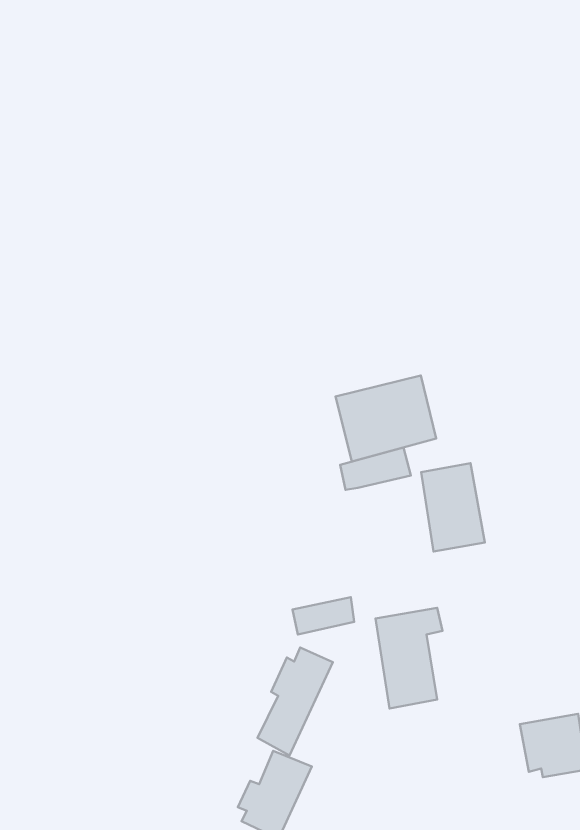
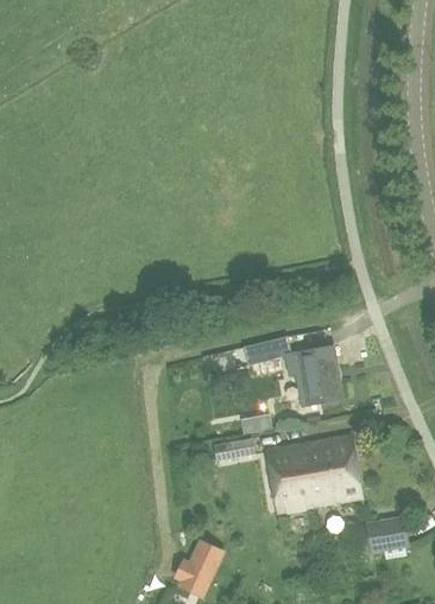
building: [336,376,436,461] -> none
building: none -> [303,437,362,506]
building: [258,648,333,756] -> none

